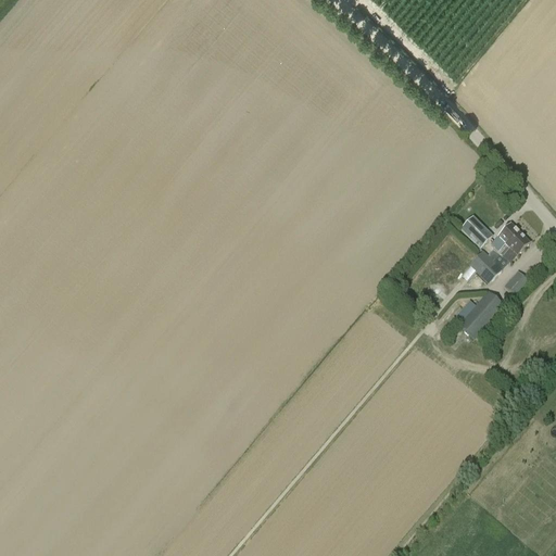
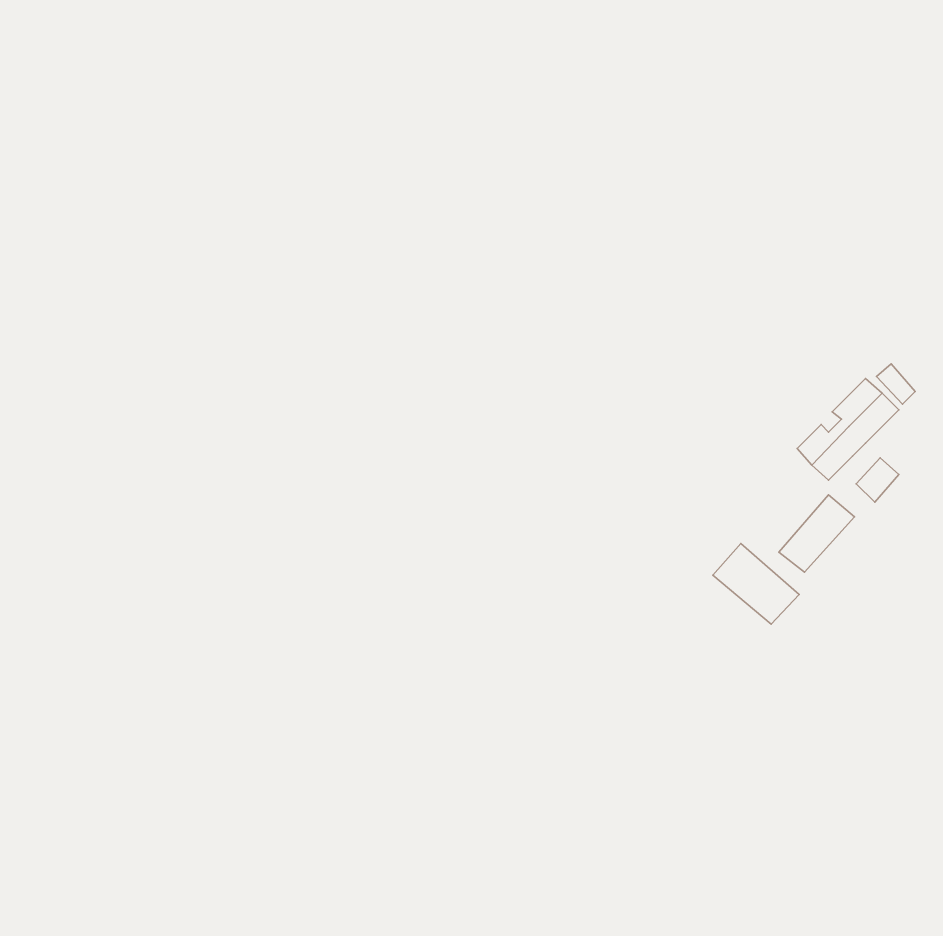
building: [459,215,493,247] -> none
building: none -> [713,543,799,624]

